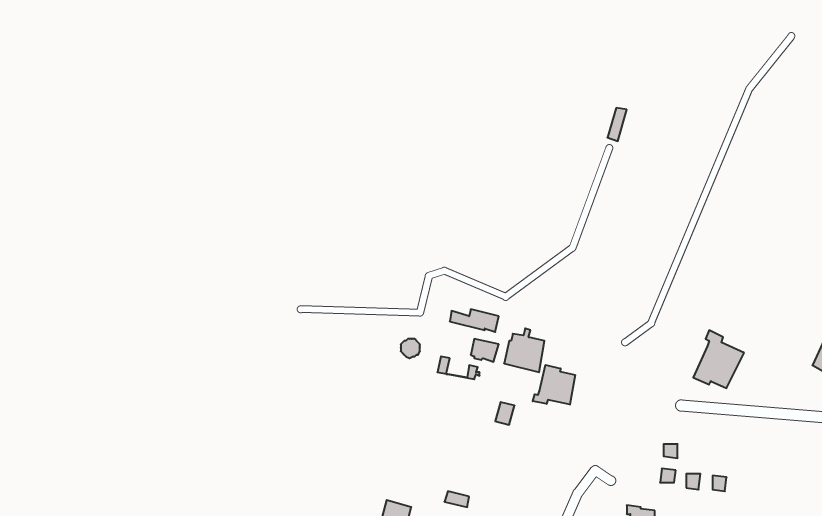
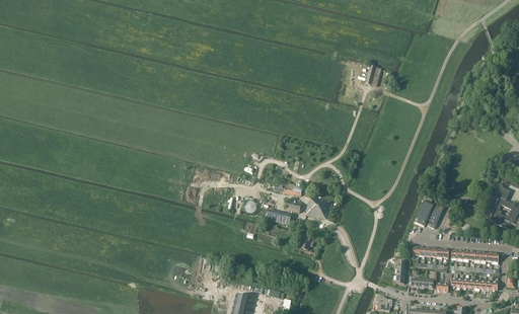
building: [533,365,575,405] -> none

